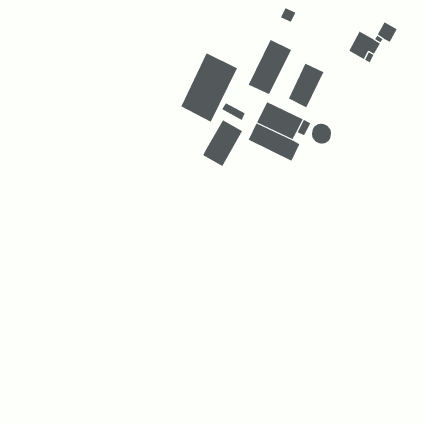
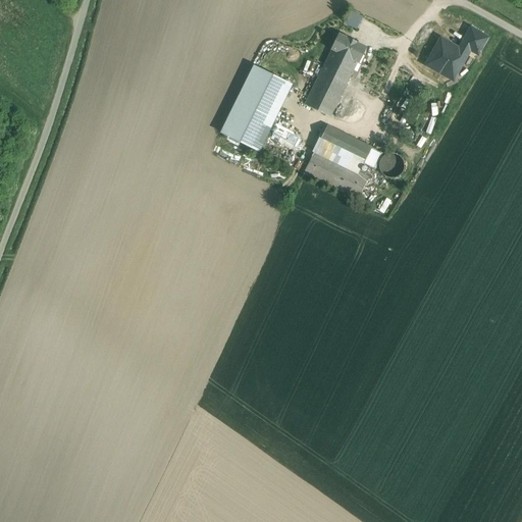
building: none -> [330,32,366,61]
building: [288,63,324,108] -> none
building: [203,120,243,167] -> none

